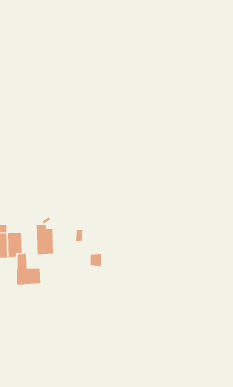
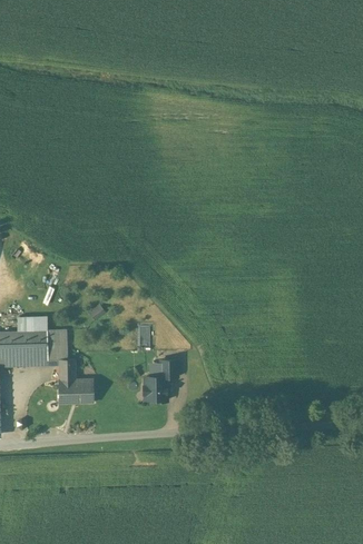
building: [36,224,53,255] -> none
building: none -> [143,376,166,400]

